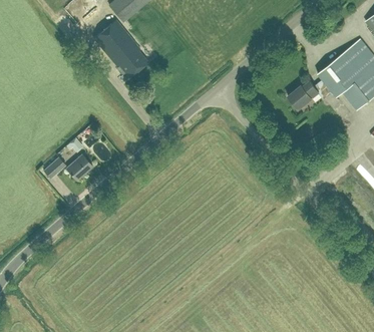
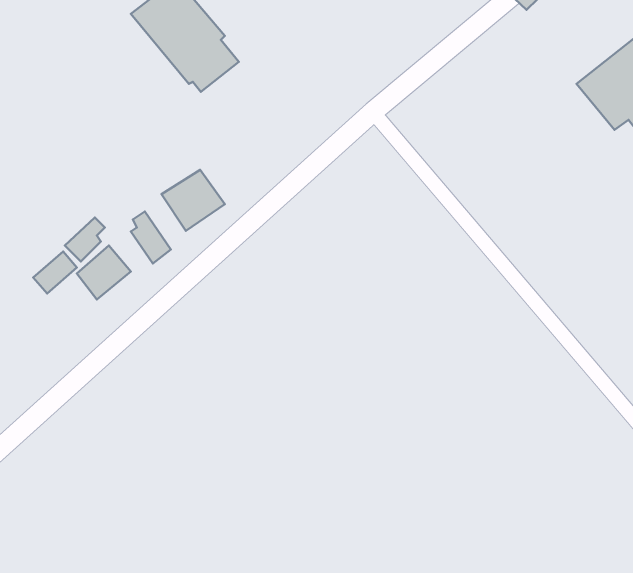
building: [288,80,319,109] -> none
building: none -> [161,170,225,231]

